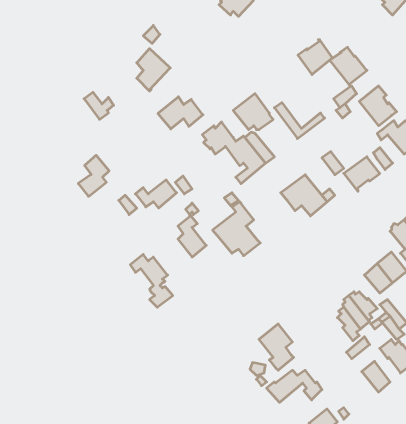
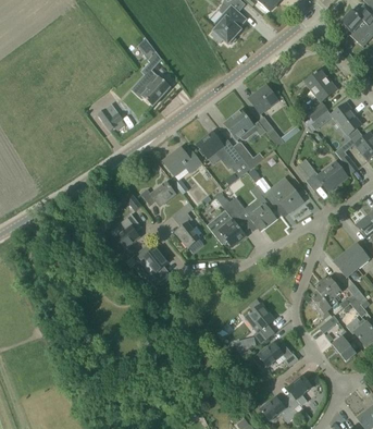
building: [298,40,333,75] -> [248,85,277,114]
building: [158,97,203,129] -> [163,147,201,174]
building: [78,155,109,196] -> [115,213,141,248]
building: none -> [229,195,275,230]

